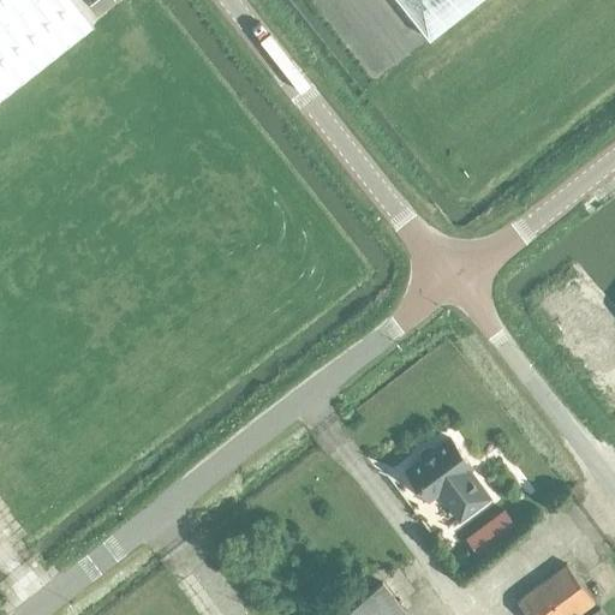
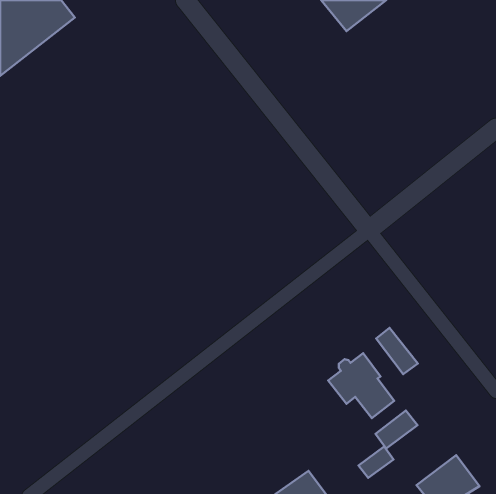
building: none -> [376,328,418,374]
building: none -> [359,446,393,478]

